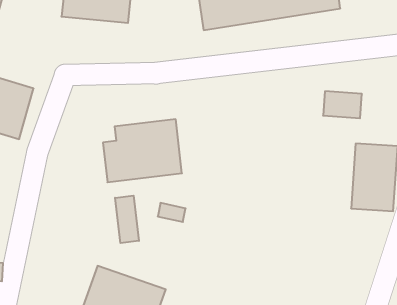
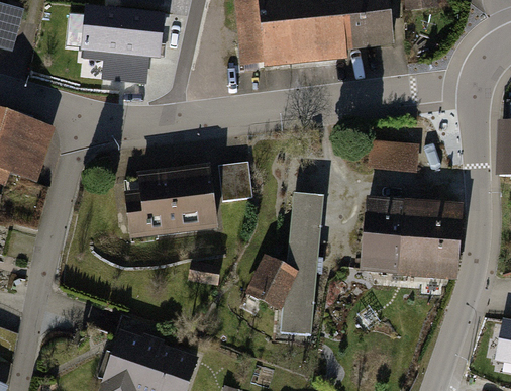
building: none -> [220,163,253,199]
building: none -> [361,192,413,268]
building: none -> [245,199,319,338]
building: [115,196,139,243] -> none

